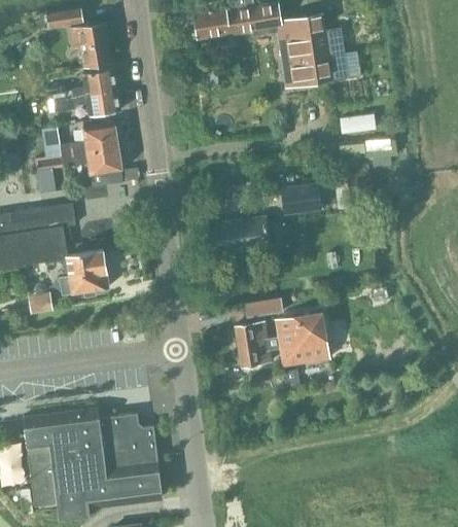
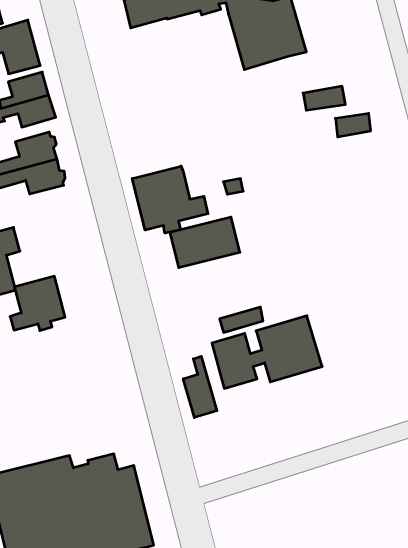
building: none -> [132,166,208,233]
building: [280,183,321,214] -> none
building: none -> [183,356,217,418]

